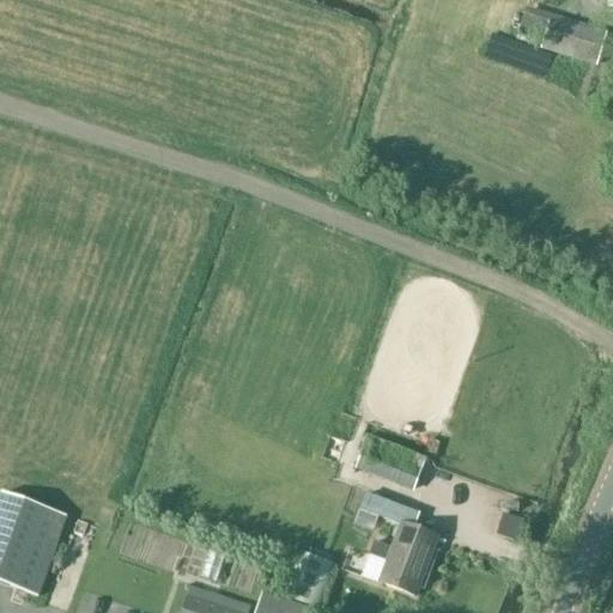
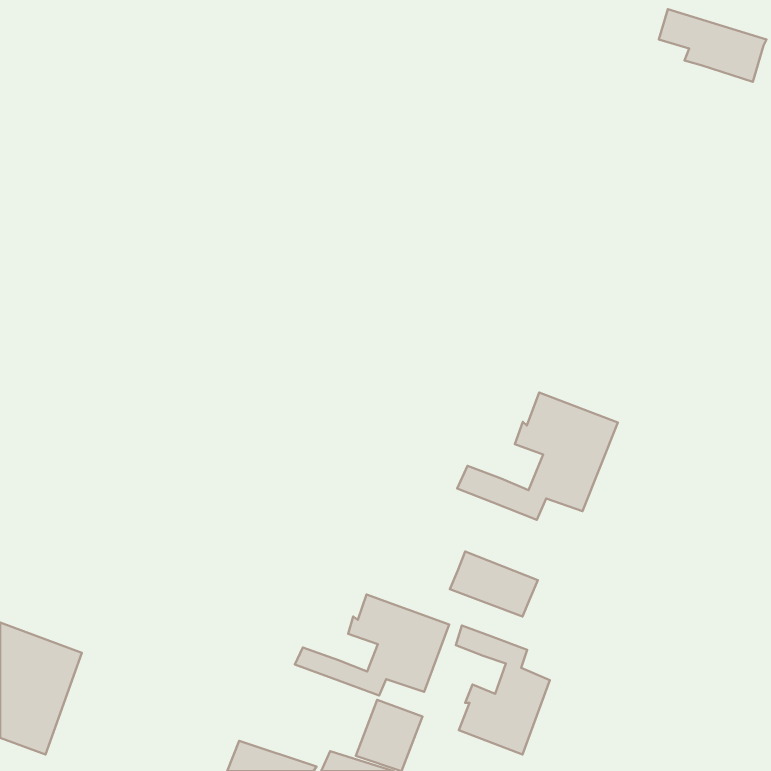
building: none -> [457,392,618,520]
building: none -> [295,595,449,695]

